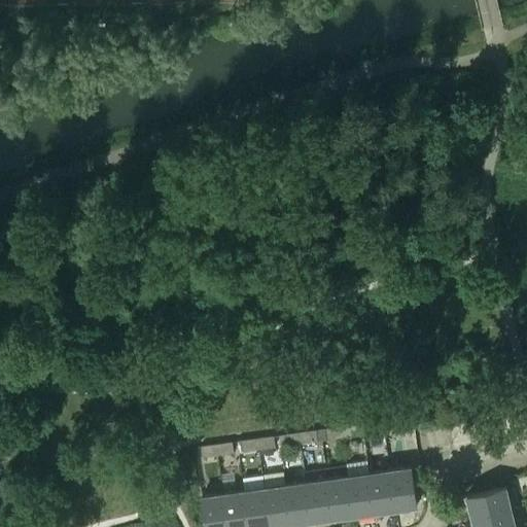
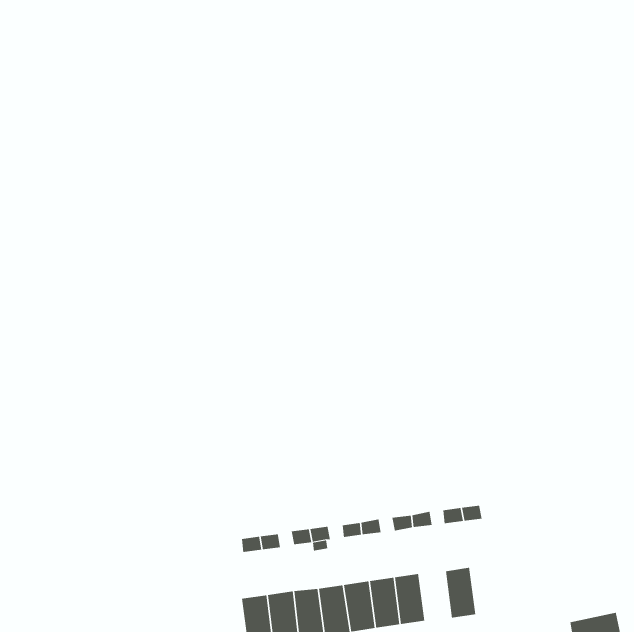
building: [389,469,416,512] -> none
building: [347,476,374,517] -> none
building: [466,488,511,518] -> none

